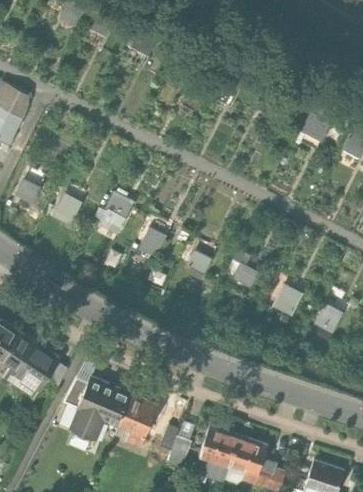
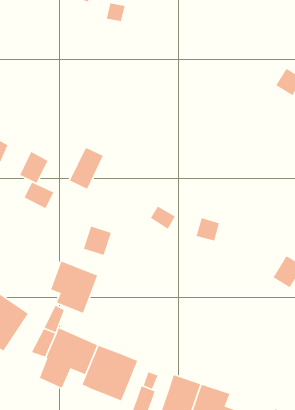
building: none -> [23,181,55,209]
building: [136,226,166,257] -> [83,226,112,256]
building: [268,282,302,318] -> none
building: none -> [50,260,98,314]

